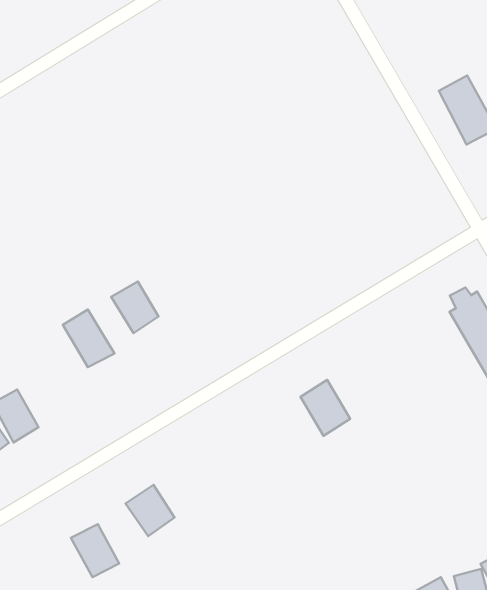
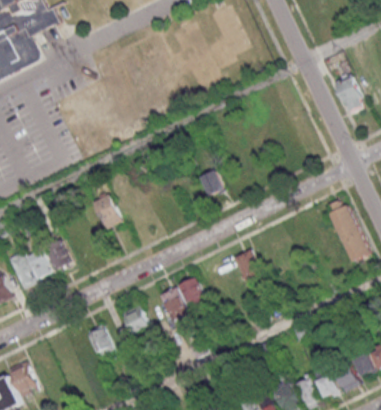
building: none -> [199,170,224,197]
building: [111,281,158,333] -> none
building: none -> [158,278,207,322]

